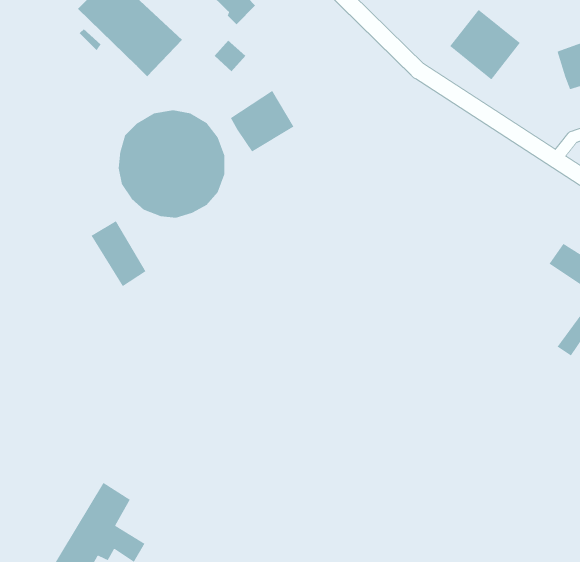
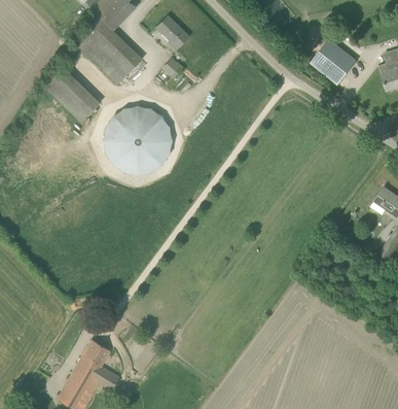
building: none -> [44,67,99,122]
building: [230,90,295,153] -> none
building: [90,220,146,287] -> none

